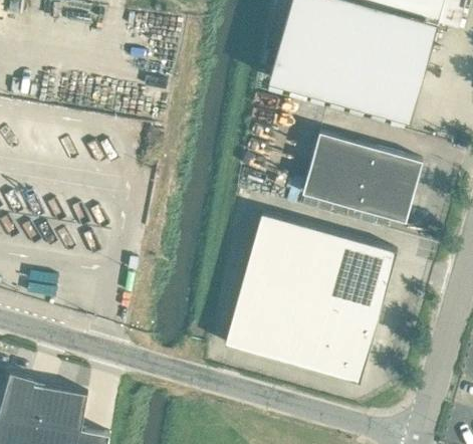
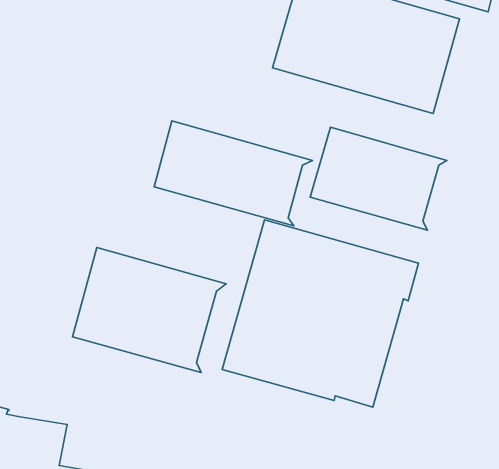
building: none -> [154,121,312,226]
building: none -> [73,247,226,373]

